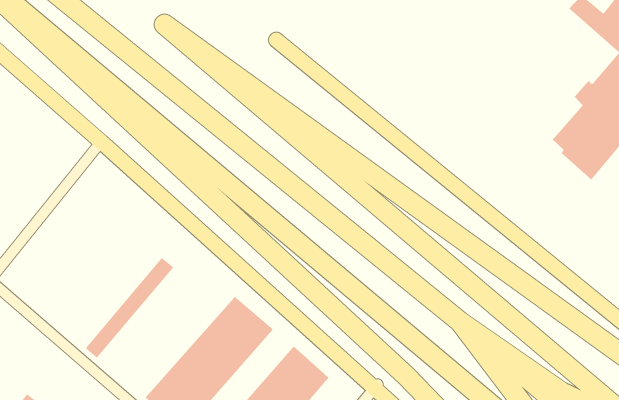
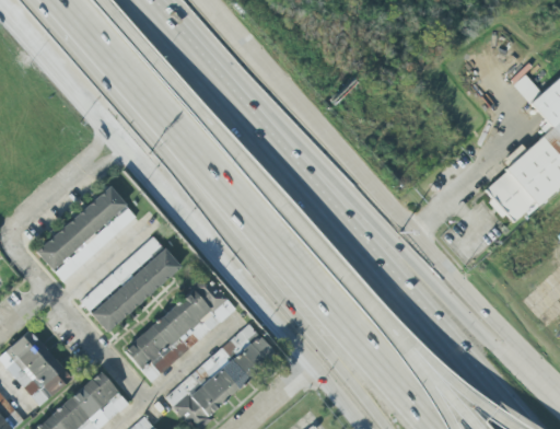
building: none -> [35,186,137,280]
building: none -> [91,247,182,332]

